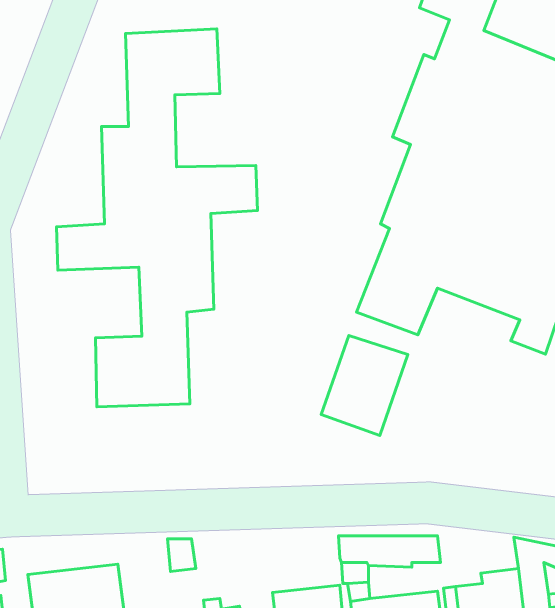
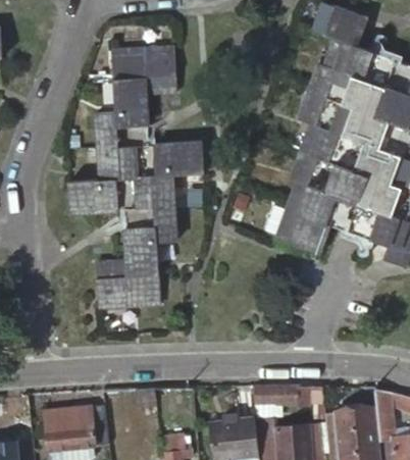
building: [321,336,408,436] -> none

